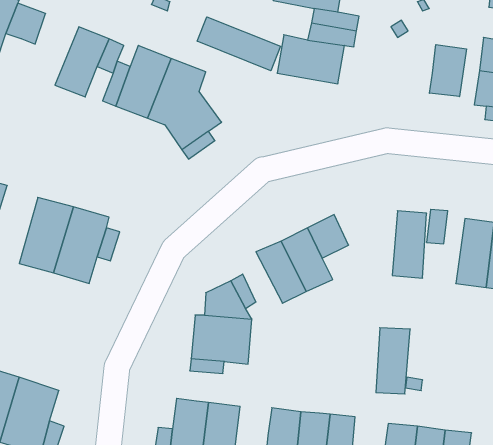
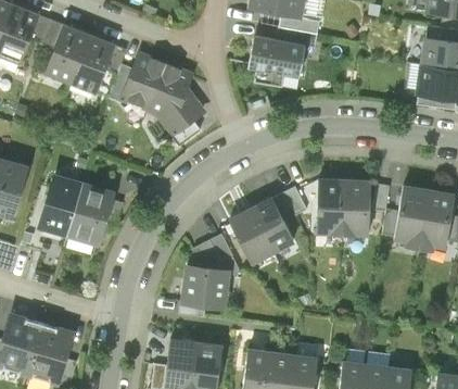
building: none -> [42,22,88,80]
building: [197,17,280,71] -> none
building: [429,45,466,97] -> none
building: [376,328,410,394] -> [321,183,349,237]

